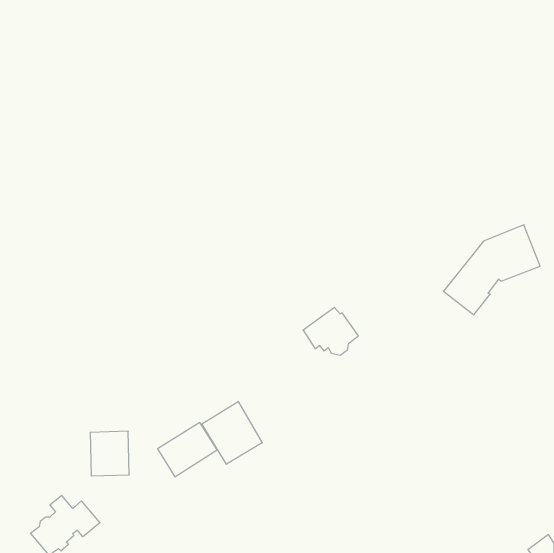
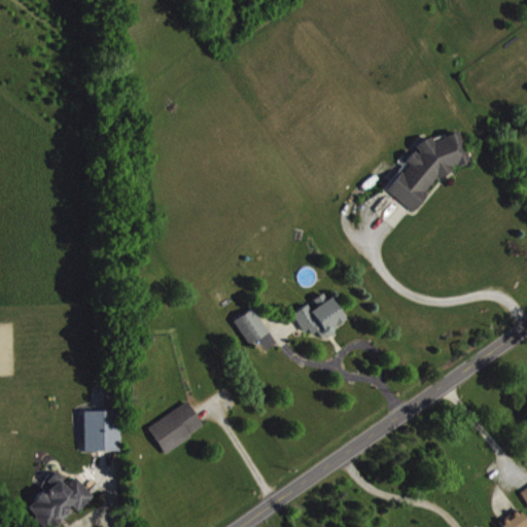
building: [443,225,540,315] -> [379,127,470,212]
building: none -> [227,308,264,346]
building: [202,401,262,464] -> none

